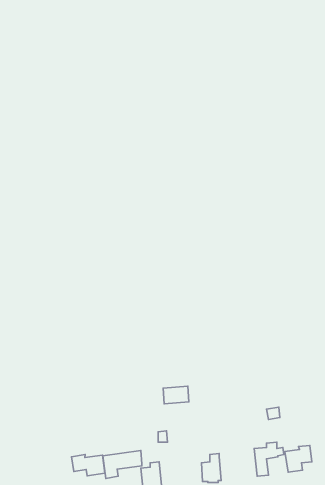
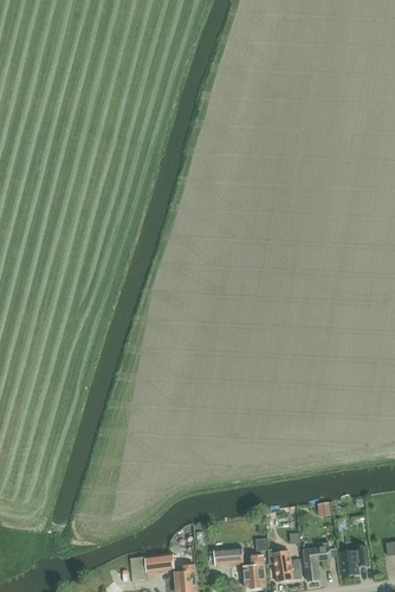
building: [163,386,189,404] -> [213,546,242,566]
building: none -> [268,547,302,581]
building: [71,455,105,476] -> none

